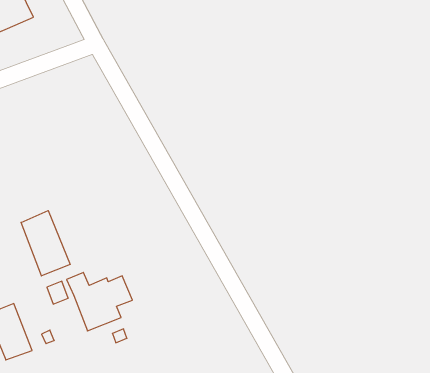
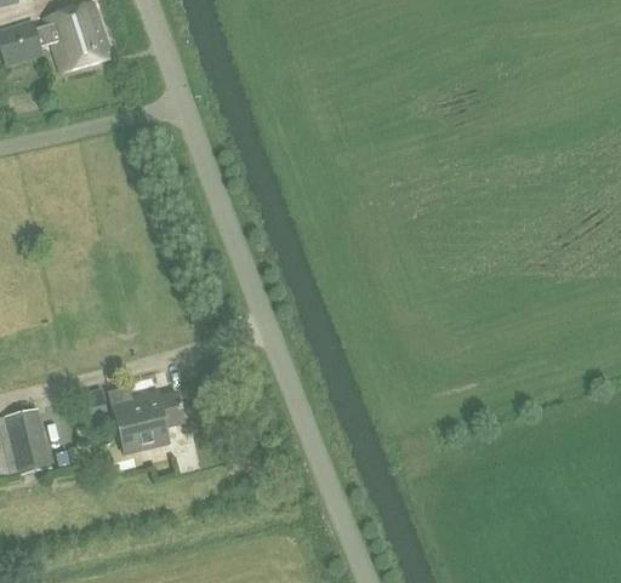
building: [21,211,70,276] -> none

